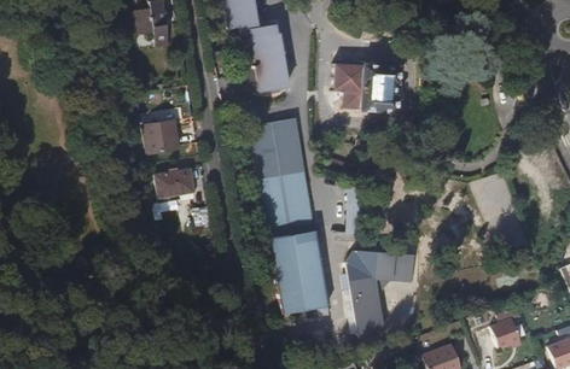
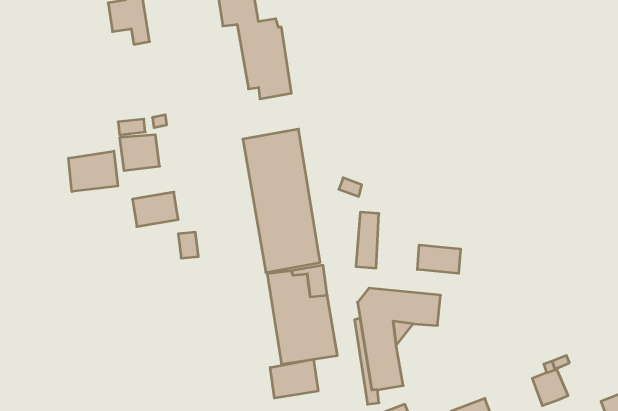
building: [332,61,400,112] -> none
building: none -> [69,151,118,192]
building: none -> [417,245,461,273]
building: none -> [270,359,318,398]

